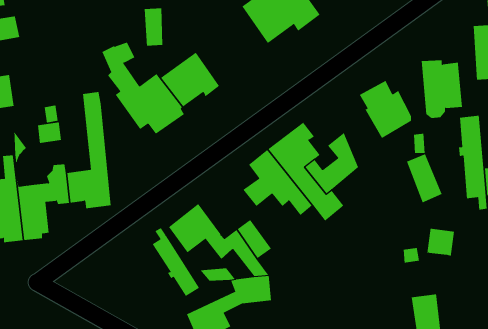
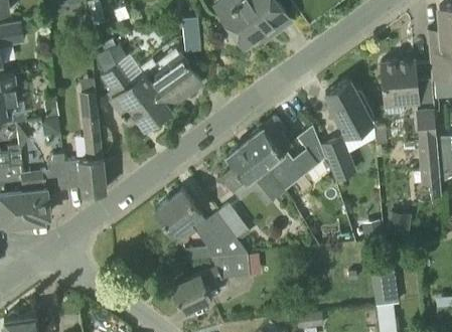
building: [144,8,163,46] -> [186,17,203,51]
building: [406,154,442,203] -> [322,138,354,182]
building: [152,227,200,297] -> none

